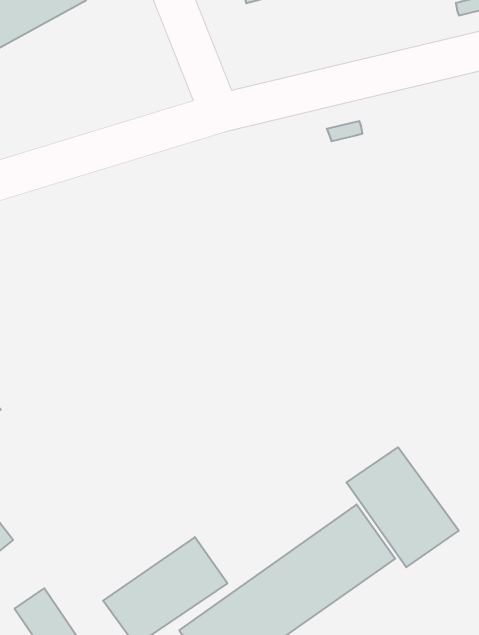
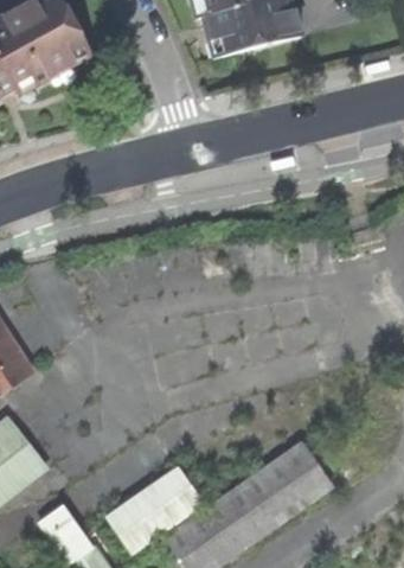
building: [346,447,459,567] -> none

